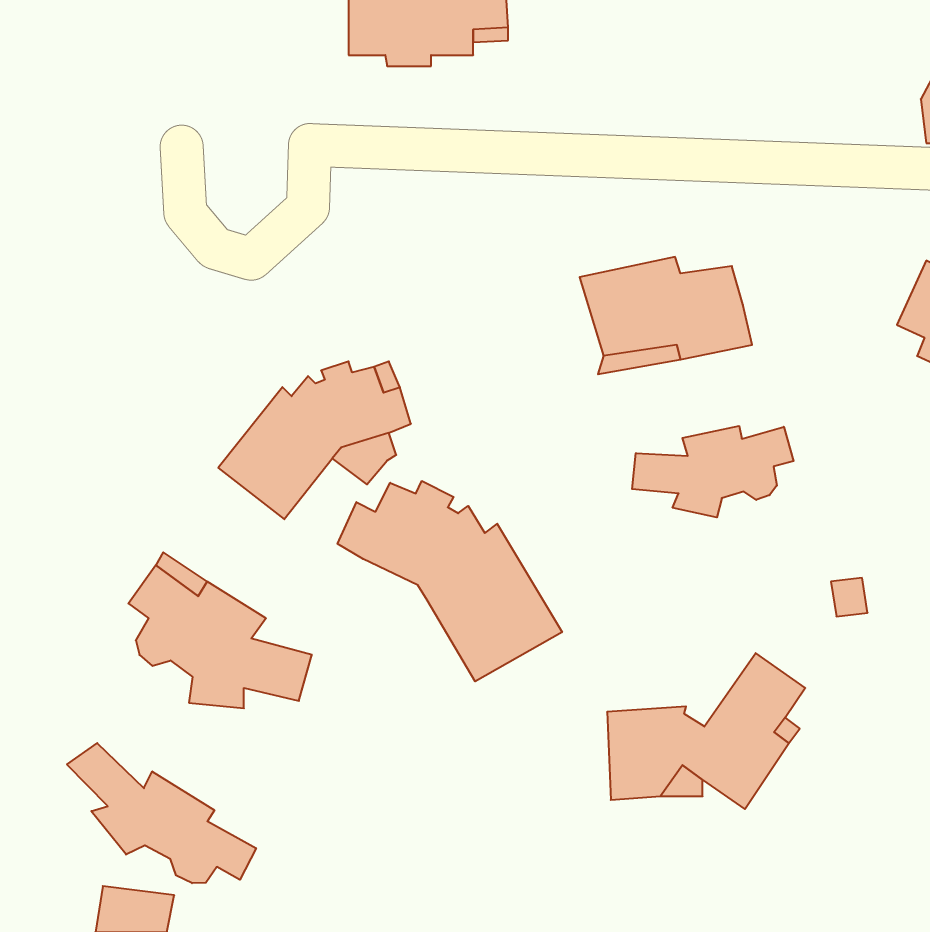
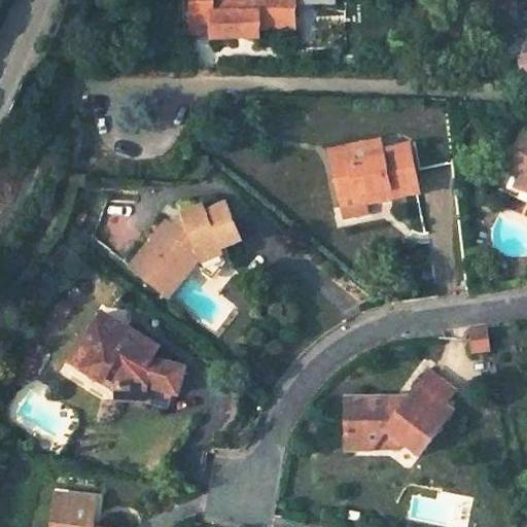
building: [632,426,794,517] -> none
building: [338,481,562,681] -> none
building: [67,743,256,883] -> none

